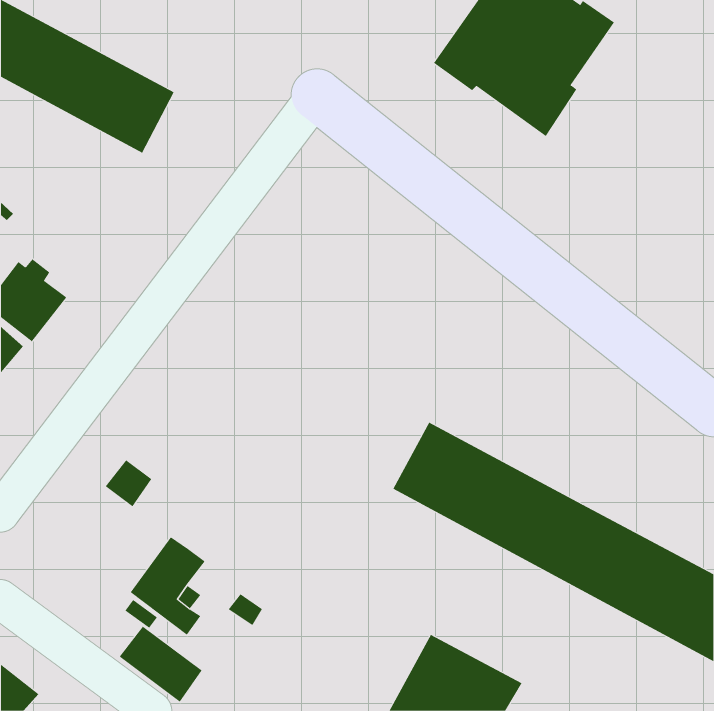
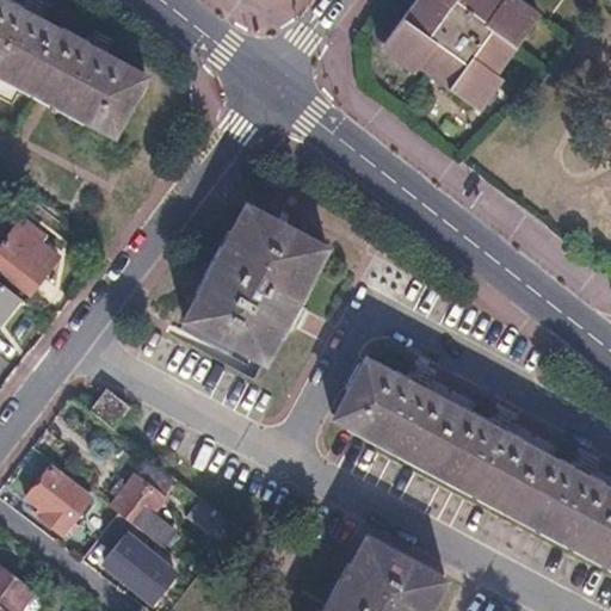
building: none -> [190,200,334,356]
building: none -> [26,467,90,536]

